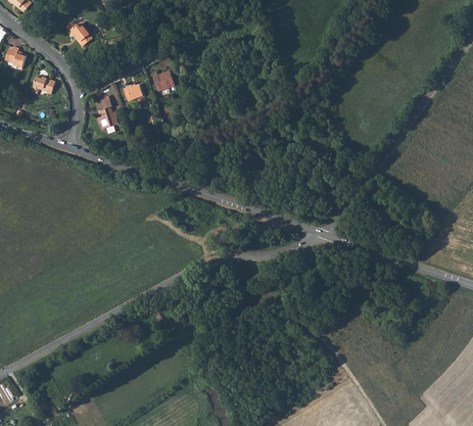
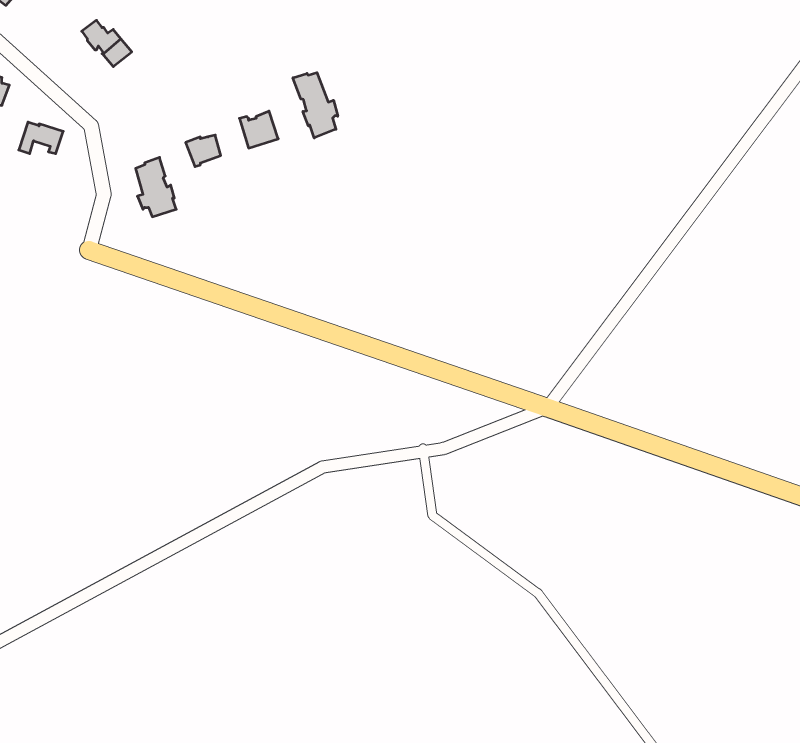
building: none -> [293,73,338,138]

